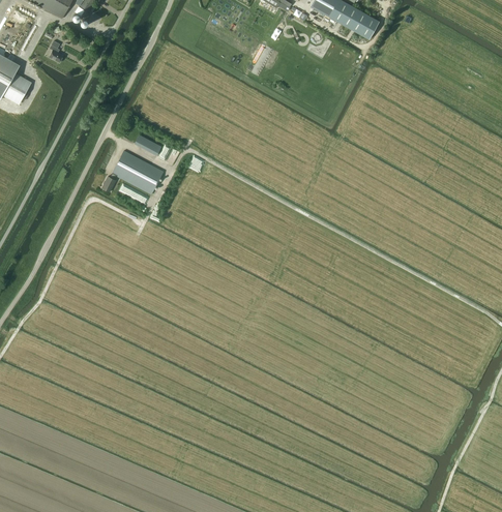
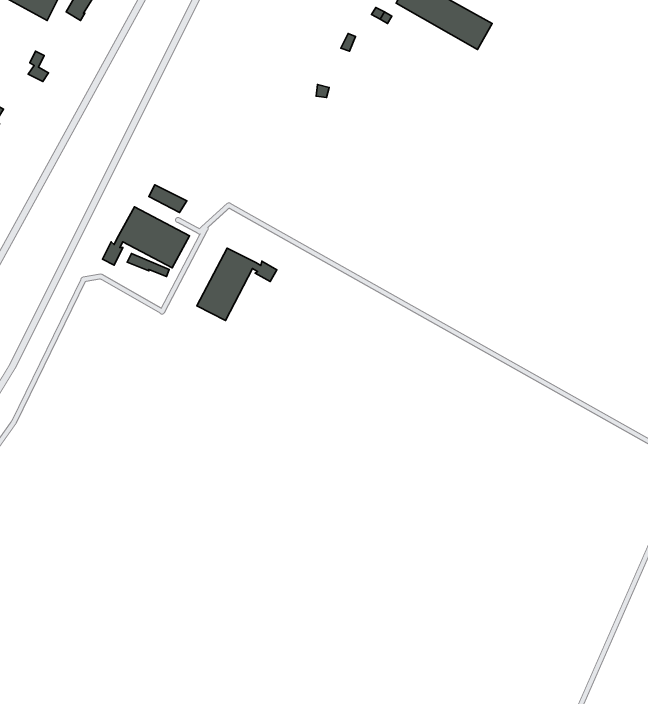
building: none -> [197,248,277,320]

